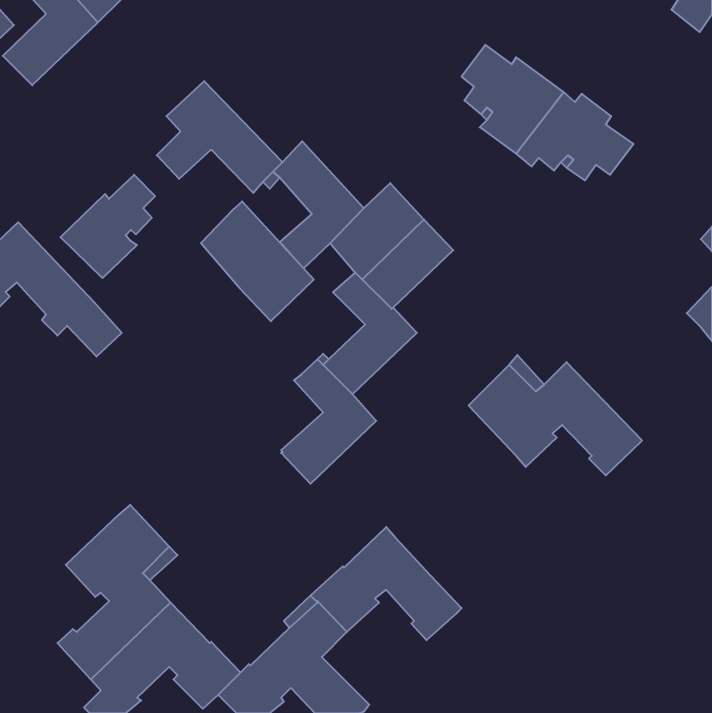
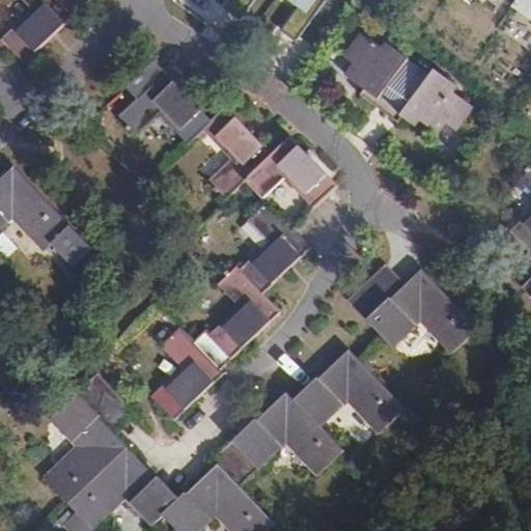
building: [60,175,155,278] -> none
building: [201,201,314,321] -> none
building: none -> [149,326,230,420]
building: none -> [294,350,404,432]

